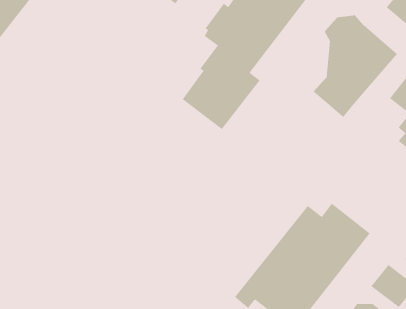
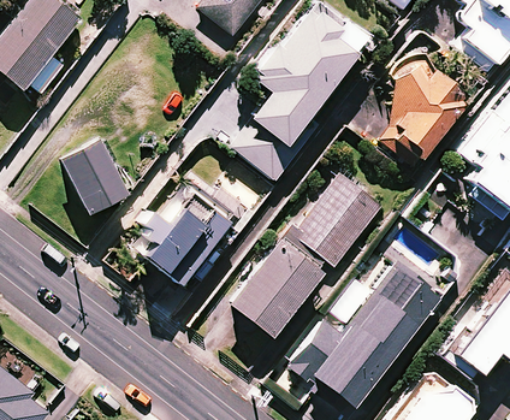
building: none -> [63,140,128,213]
building: none -> [231,174,382,336]
building: none -> [143,181,233,283]

